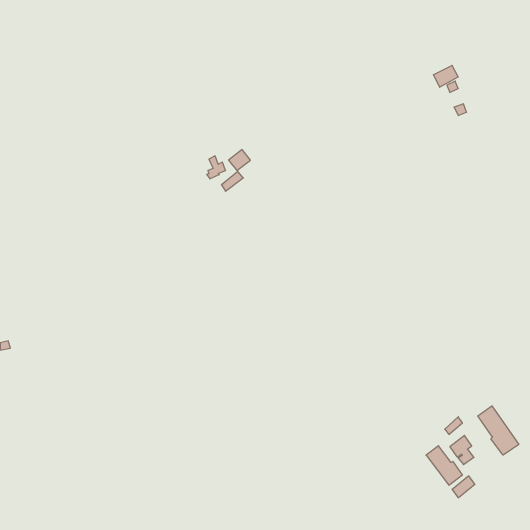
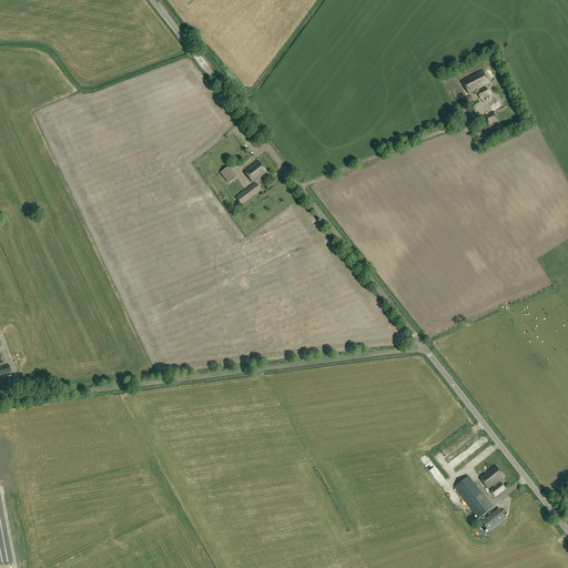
building: [478,406,519,455] -> none

